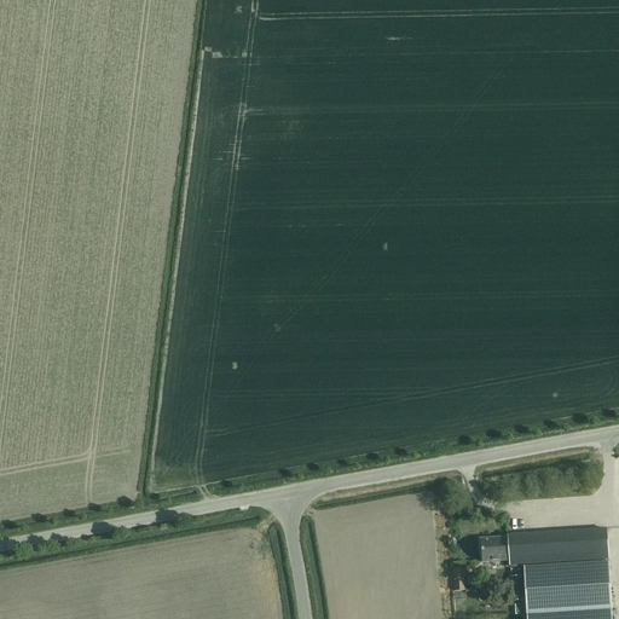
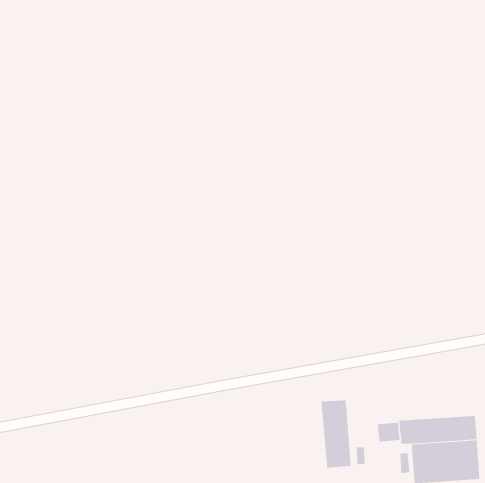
building: none -> [321,399,351,468]

